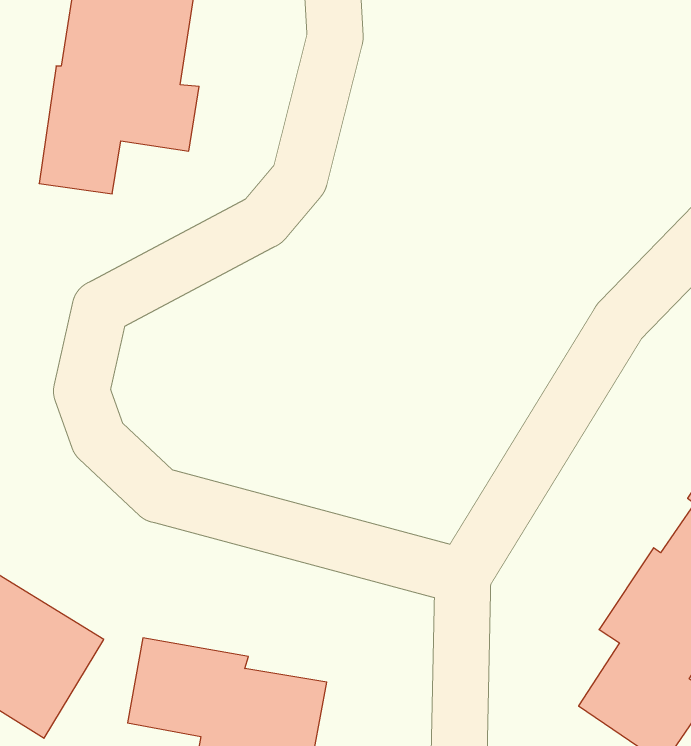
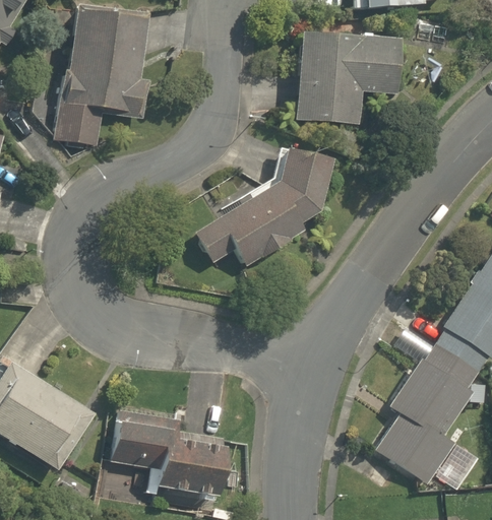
building: none -> [297,34,401,123]
building: none -> [196,147,327,264]

